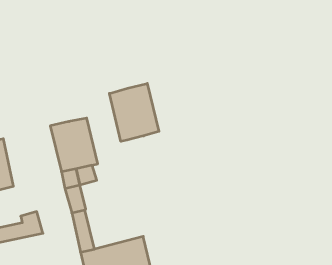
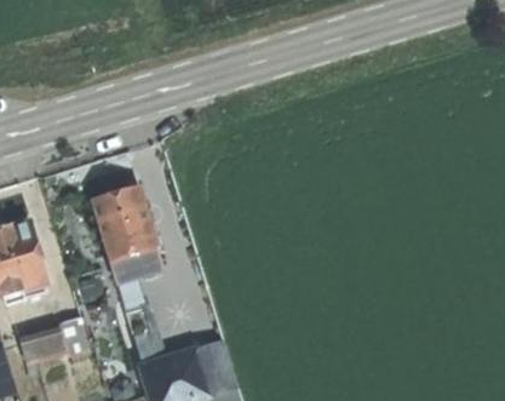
building: [109,83,159,141] -> none

